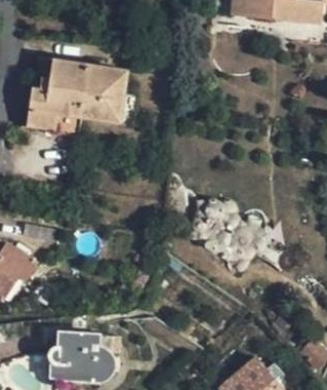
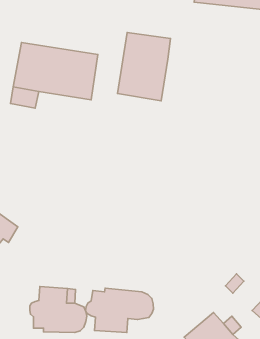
building: none -> [118,33,171,101]
building: none -> [85,288,153,333]

